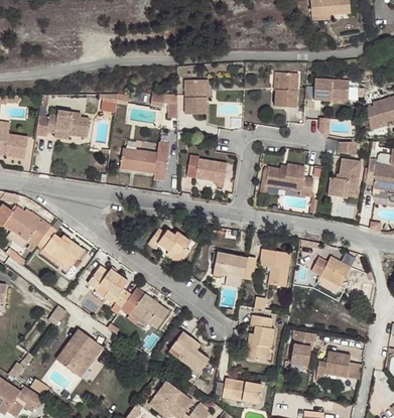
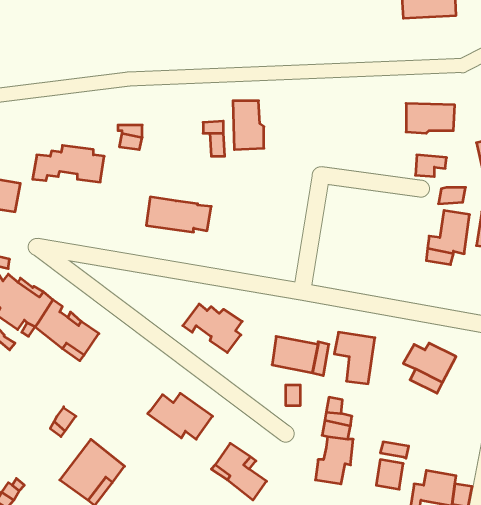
building: [276,71,300,108] -> none
building: [186,156,226,182] -> none
building: [265,164,312,196] -> none
building: [88,268,132,307] -> none

